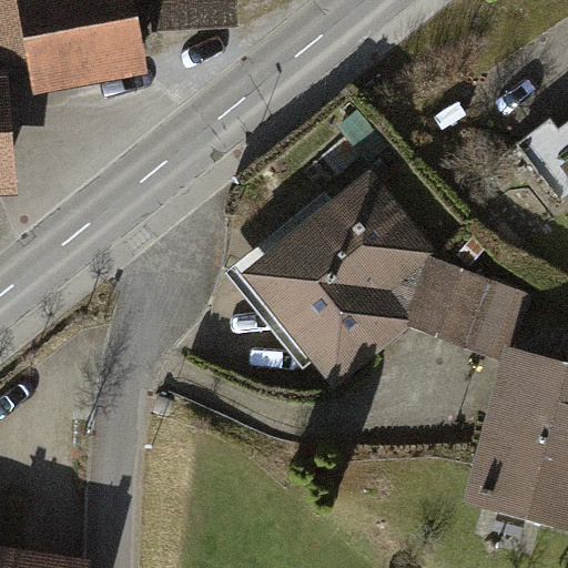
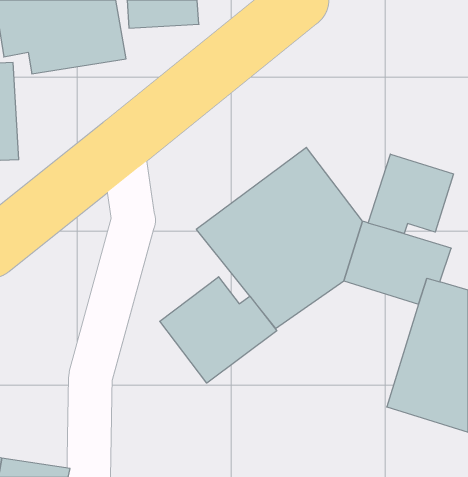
building: none -> [368,154,454,234]
building: none -> [160,277,277,383]

